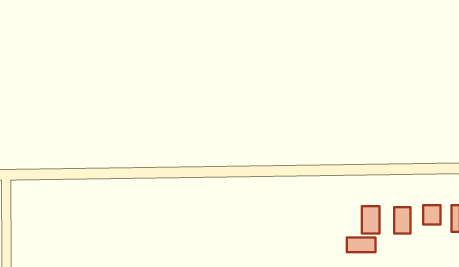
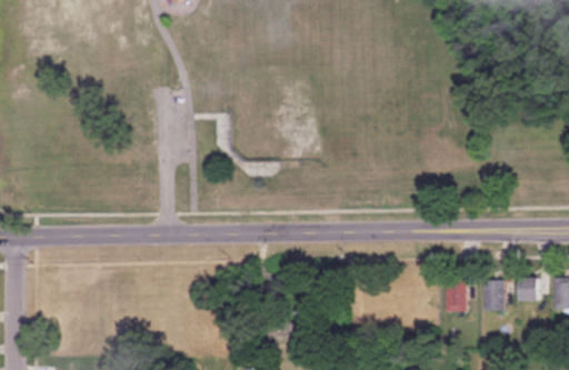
building: [347,238,375,252] -> none

